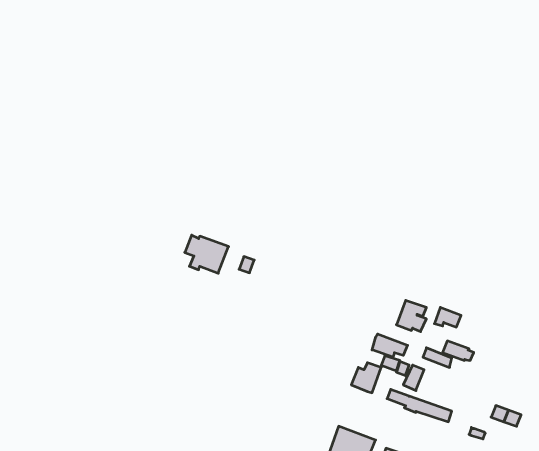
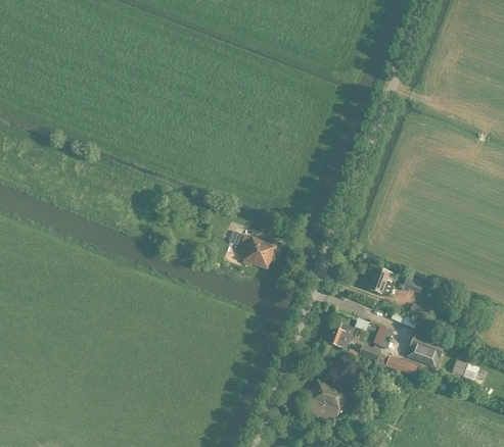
building: [185,235,229,273] -> [237,236,276,269]
building: [372,334,408,357] -> none
building: none -> [406,335,444,367]

